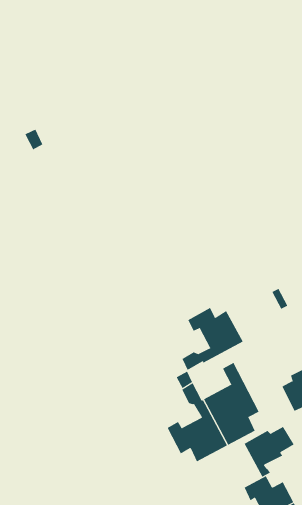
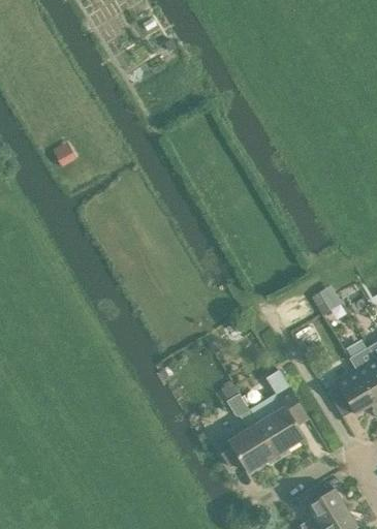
building: [181,307,243,371] -> none
building: [244,426,294,478] -> none

